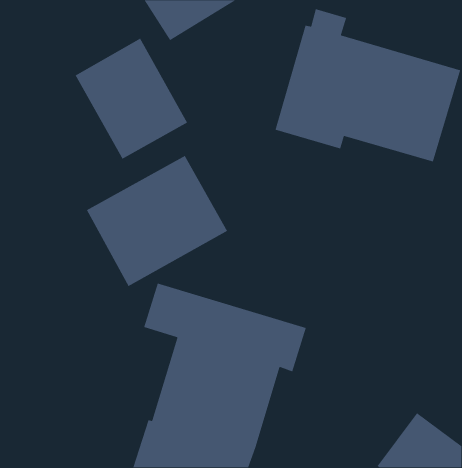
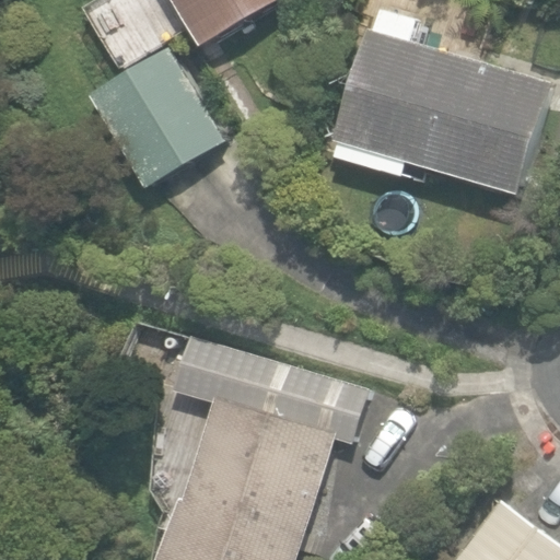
building: [86,155,228,287] -> none

